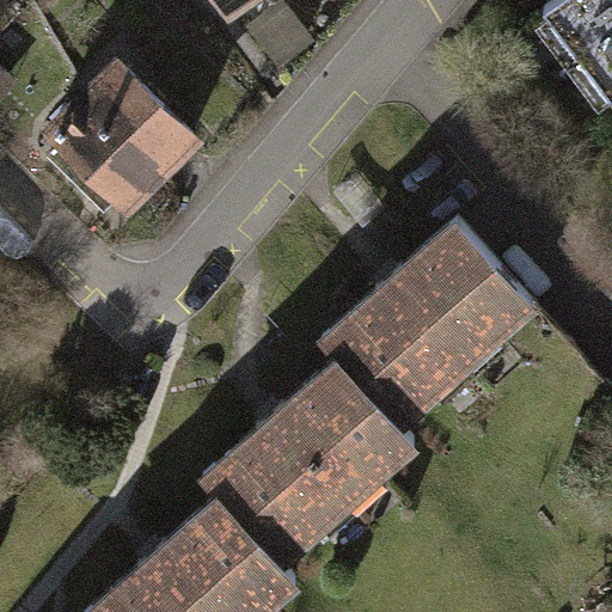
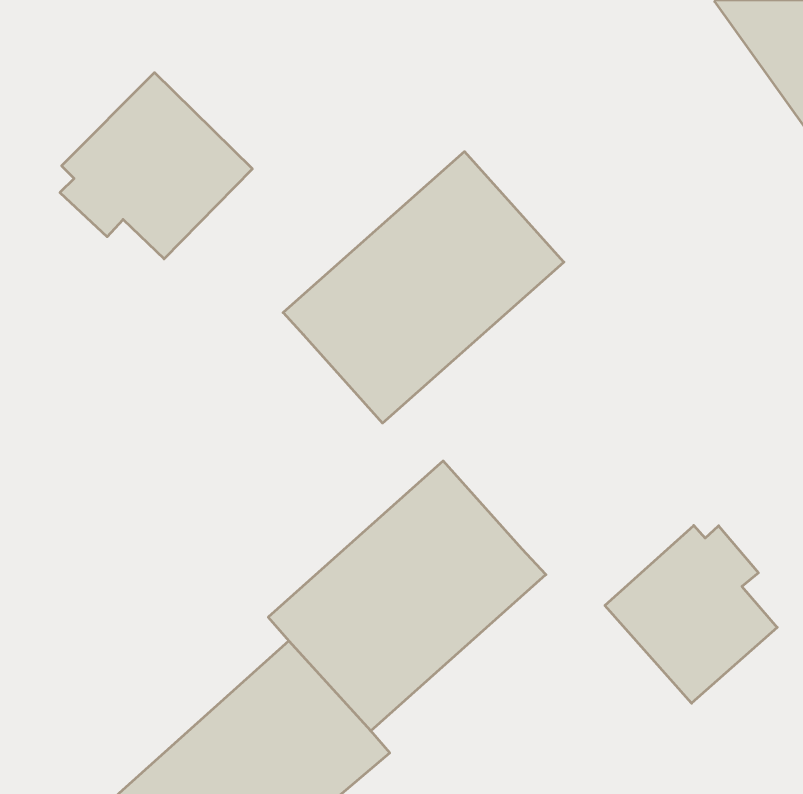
building: [323,220,536,426] -> [283,152,564,423]
building: none -> [605,525,777,703]

